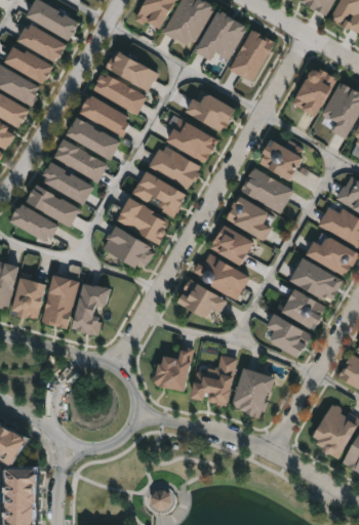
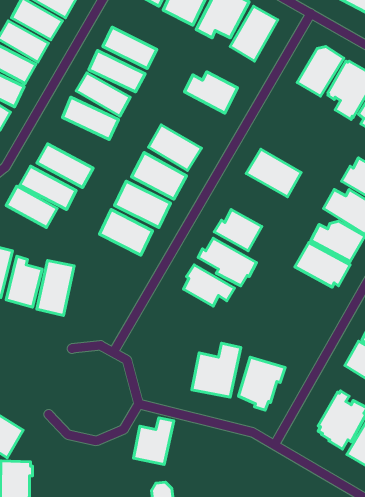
building: [165,117,216,163] -> none
building: [52,139,107,180] -> none
building: [263,139,309,183] -> none
building: [228,198,275,242] -> none
building: [73,283,111,336] -> none
building: [283,290,324,329] -> none
building: [268,314,313,359] -> none
building: [156,348,195,393] -> [133,418,174,464]

